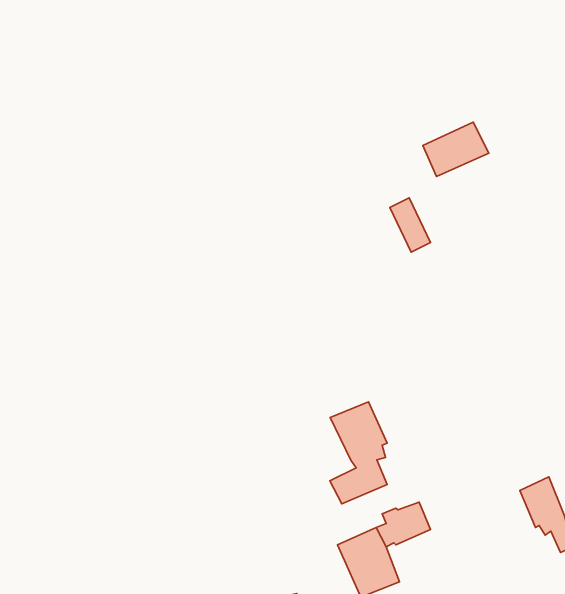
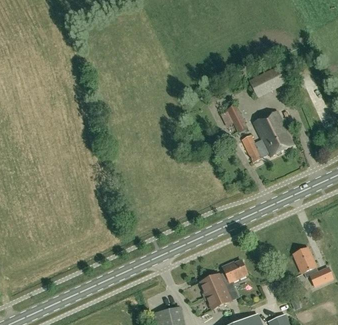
building: none -> [242,110,294,162]
building: [330,402,387,504] -> none

